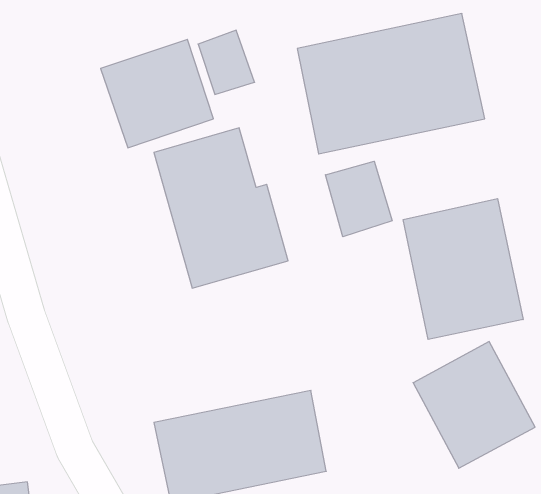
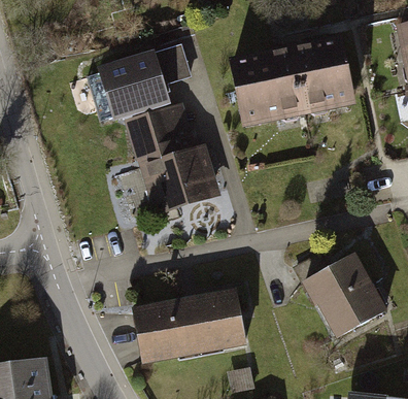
building: [325,161,392,237] -> none
building: [403,199,523,339] -> none

